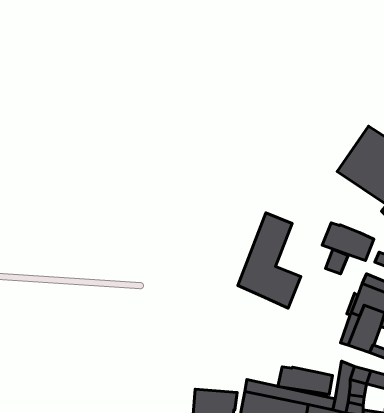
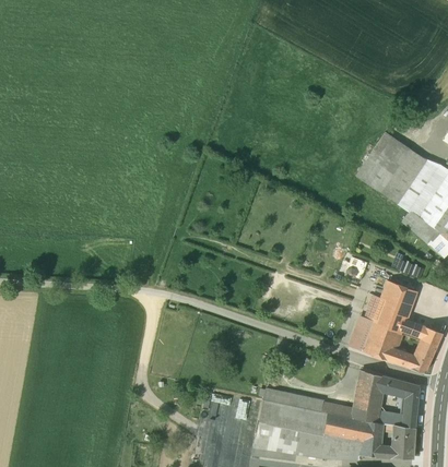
building: [238,213,301,308] -> none
building: [322,223,374,261] -> none
building: [278,367,333,395] -> none

